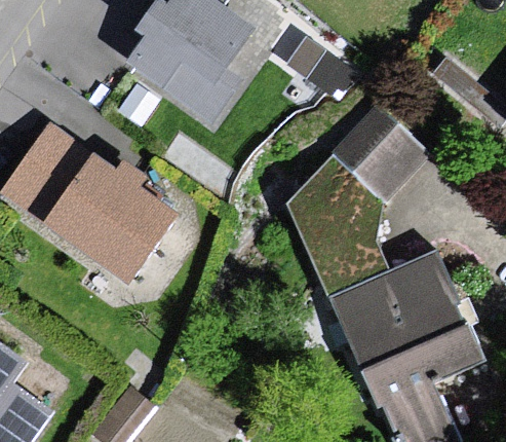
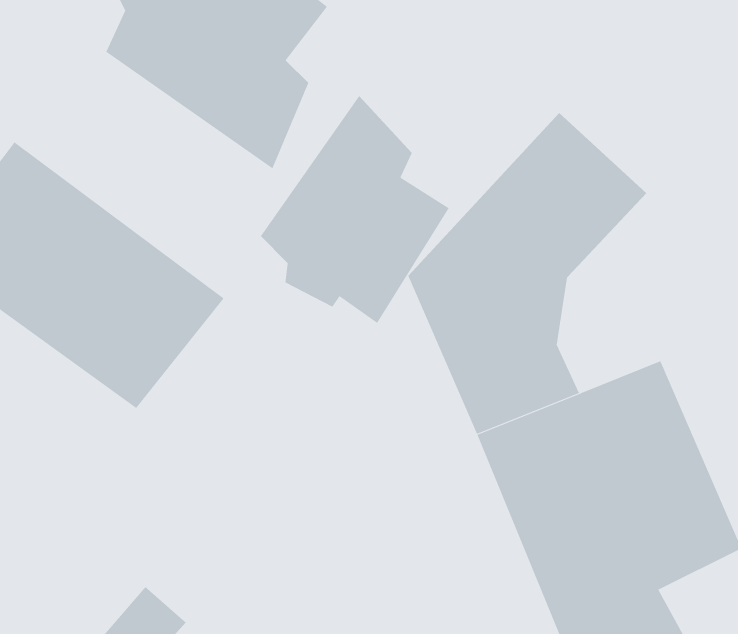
building: none -> [260,95,449,324]

